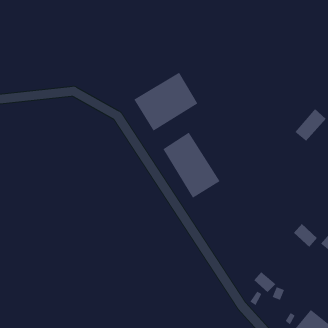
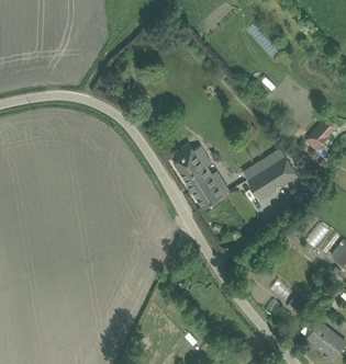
building: [134,72,198,132] -> none
building: none -> [238,147,295,200]

